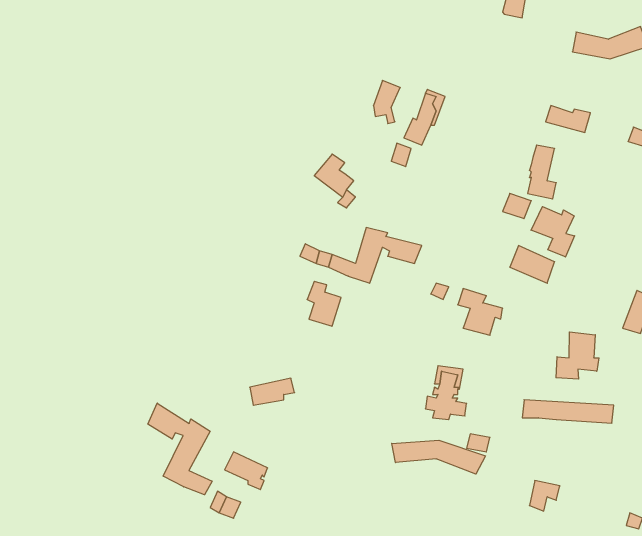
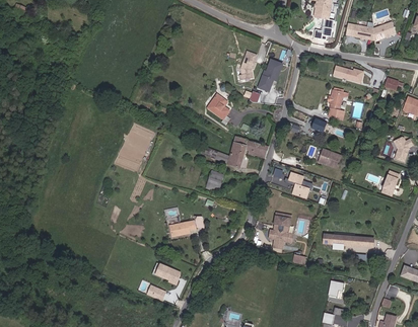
building: [531,207,575,257] -> none
building: [556,332,599,379] -> none
building: [148,403,212,495] -> none
building: [392,440,485,474] -> none

